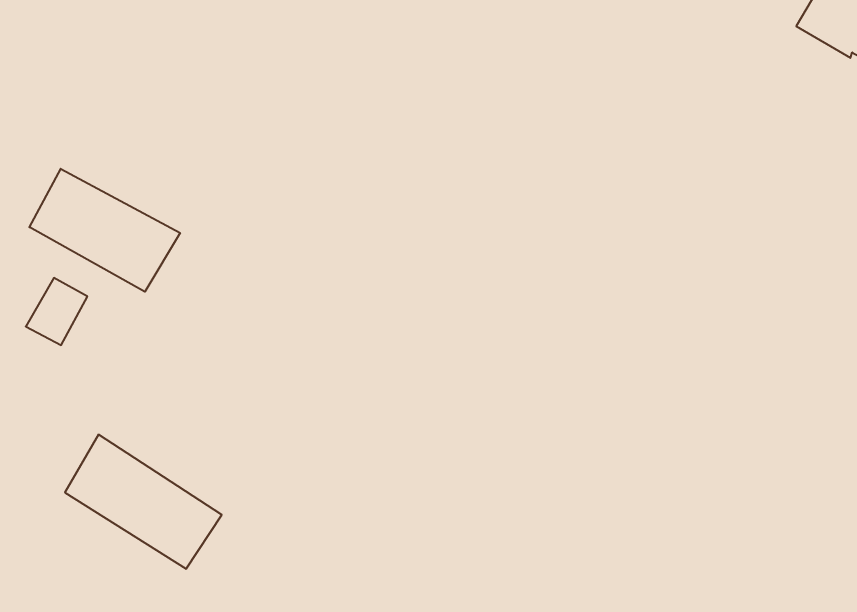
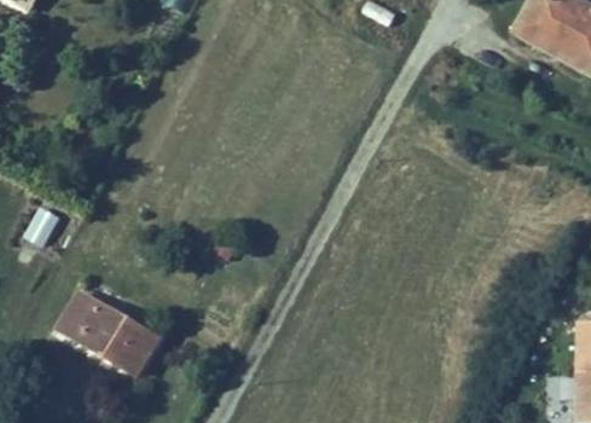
building: [29,169,180,292] -> none

